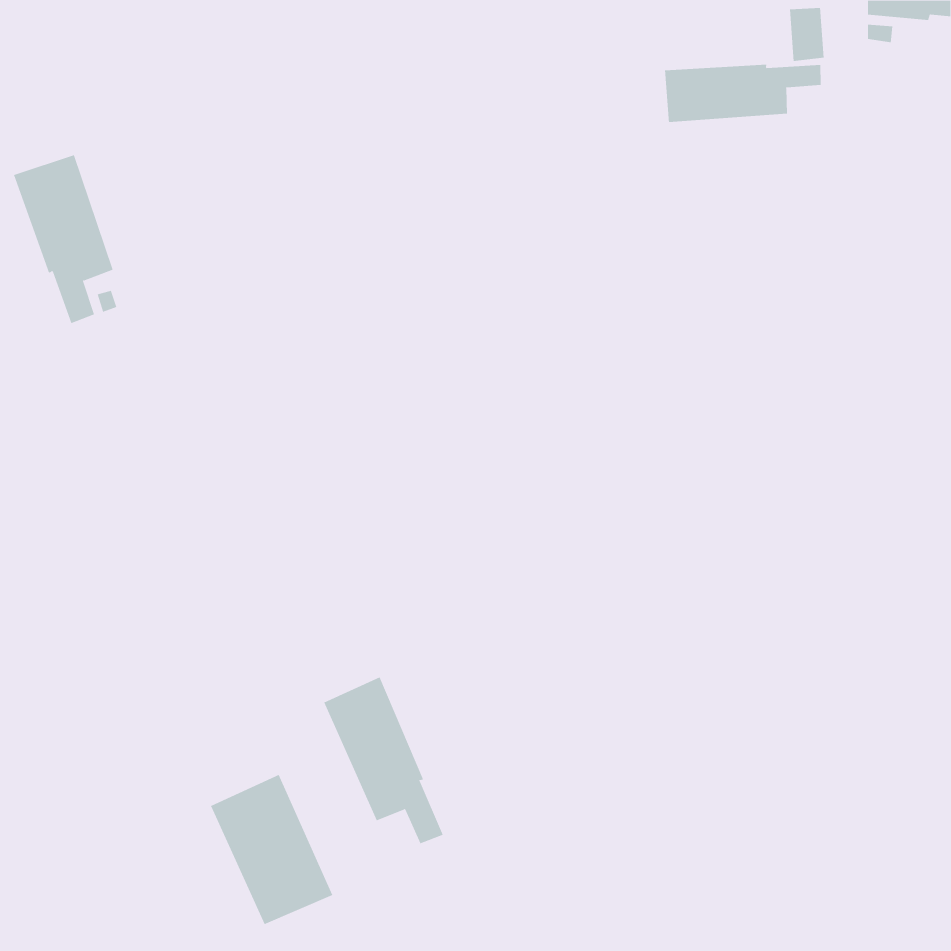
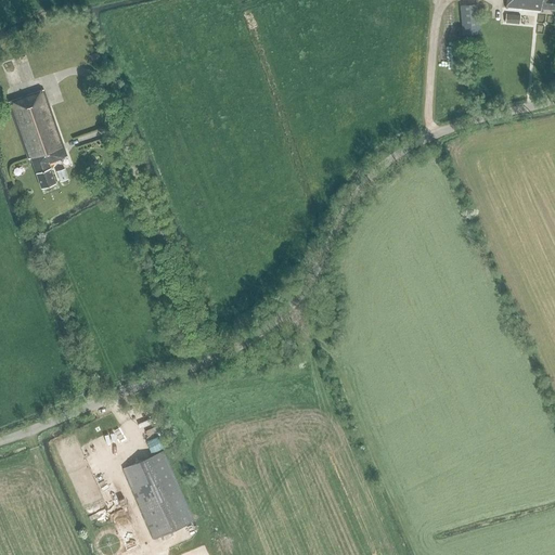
building: [664,64,821,123] -> none
building: [323,677,443,844] -> none

